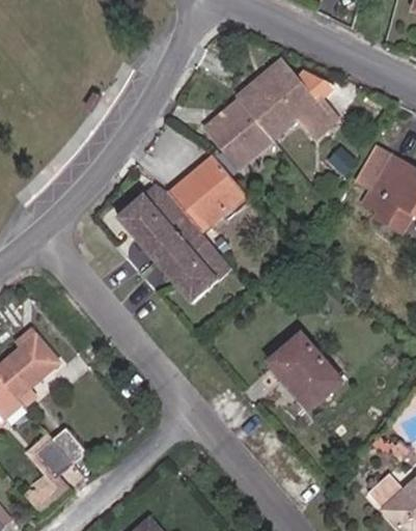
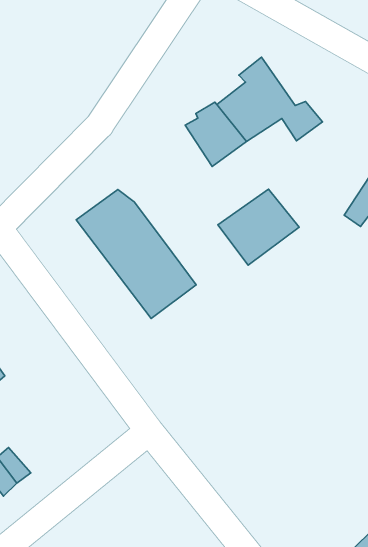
building: [167,163,242,233] -> [218,189,299,265]
building: [268,336,339,411] -> none

